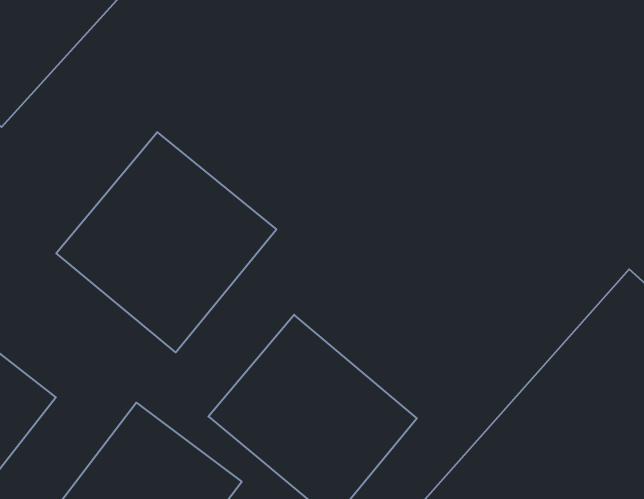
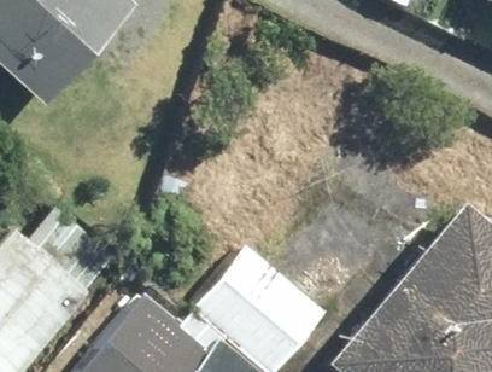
building: [56,132,276,352] -> none

